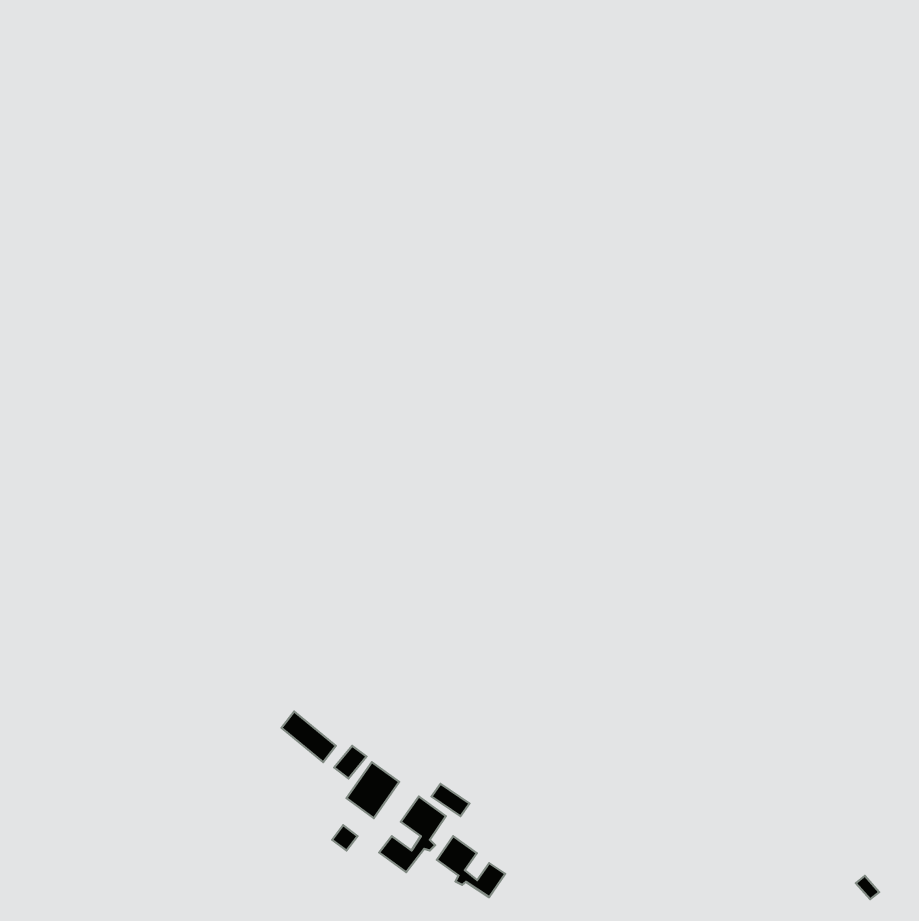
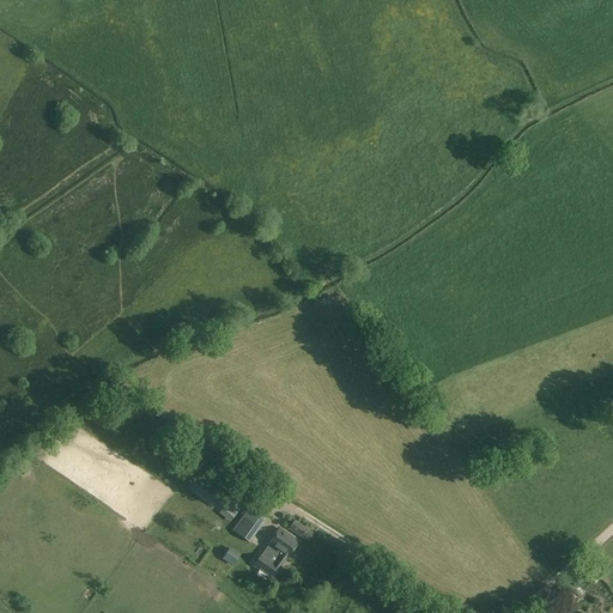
building: [437,836,505,897] -> none

